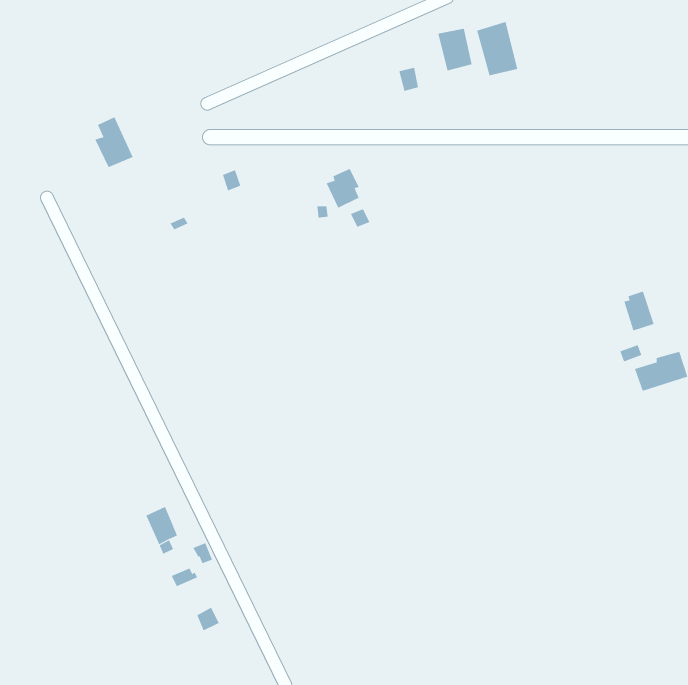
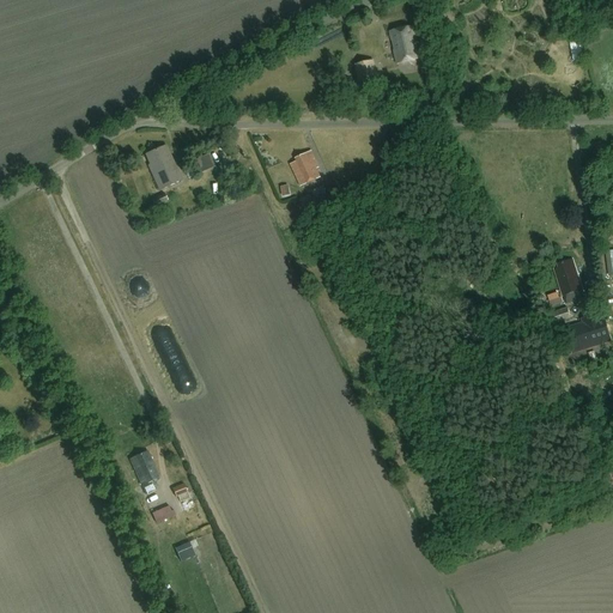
building: [477,21,518,76] -> none
building: [95,117,134,168] -> [147,144,182,189]

